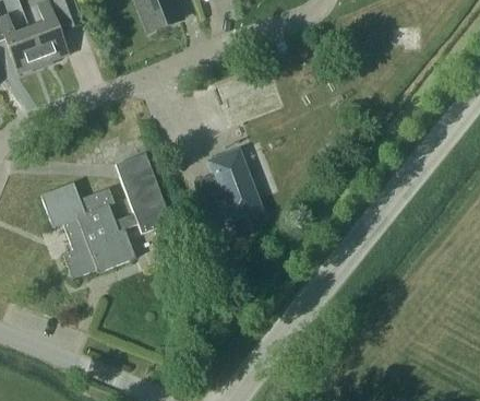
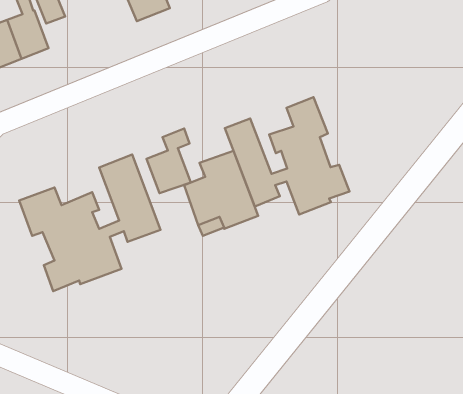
building: none -> [225,97,350,214]
building: none -> [146,128,191,193]

